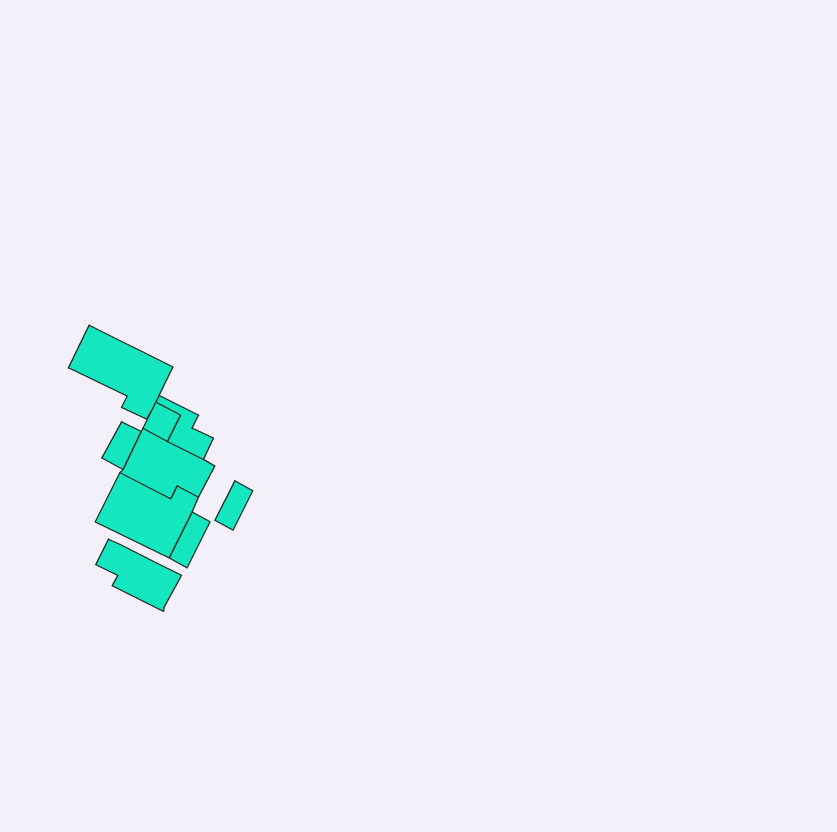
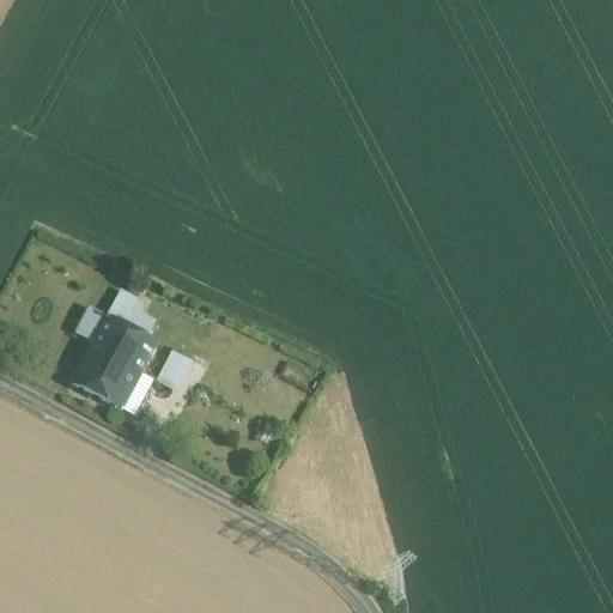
building: [68,325,173,419] -> none
building: [96,539,181,611] -> none

